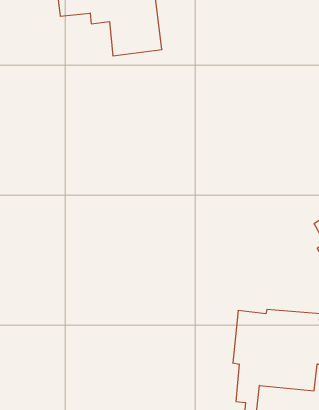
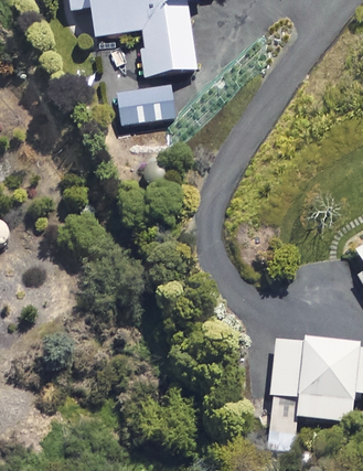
building: none -> [118,79,179,121]

